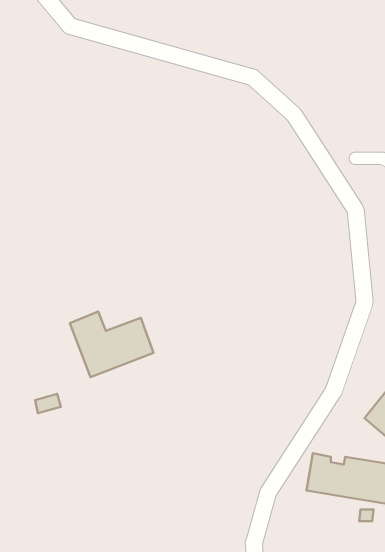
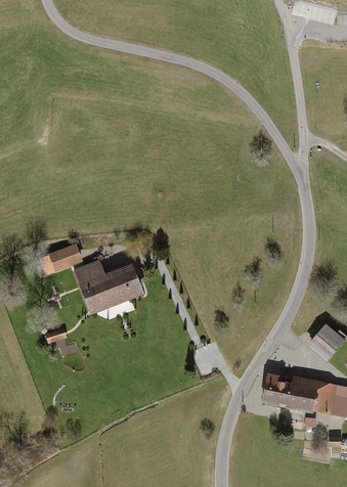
building: none -> [47,243,81,269]

